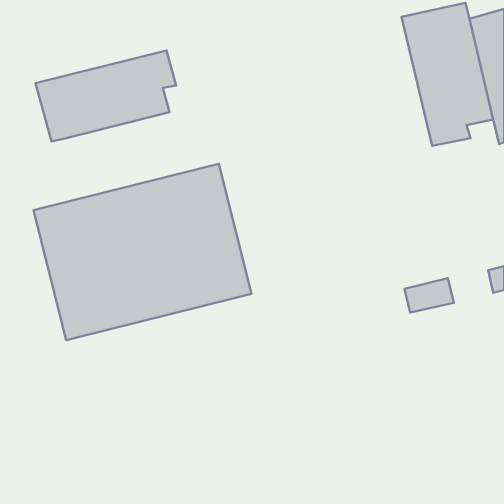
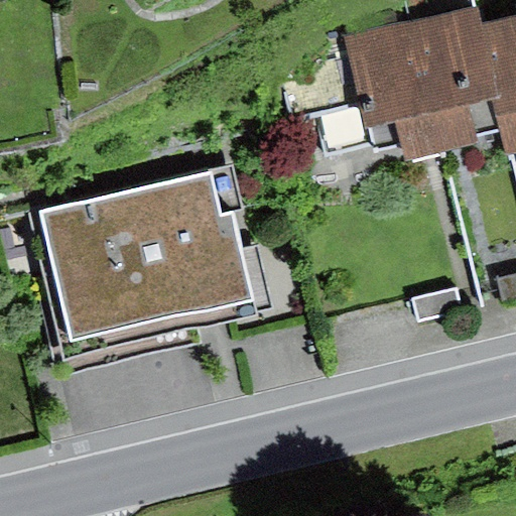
building: none -> [350,17,441,157]
building: [36,50,176,142] -> none

